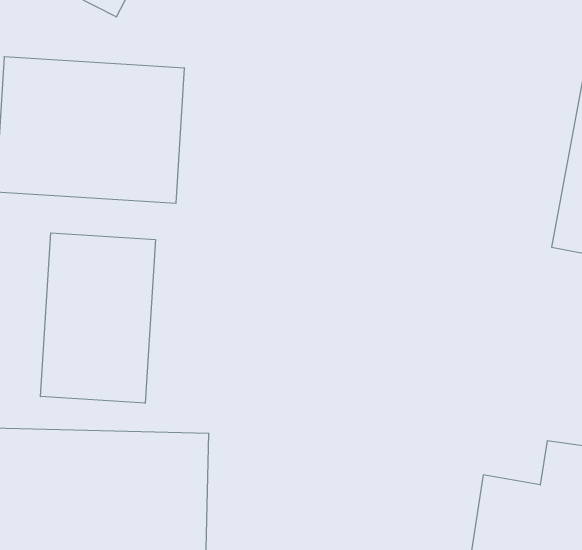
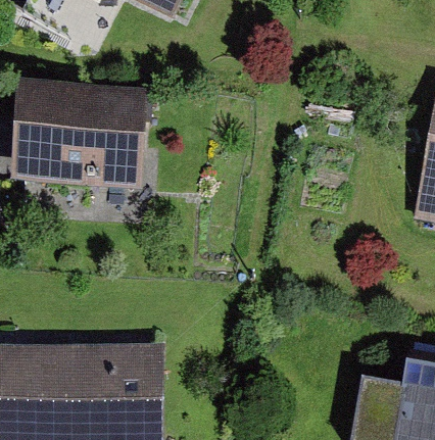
building: [40,233,155,403] -> none

